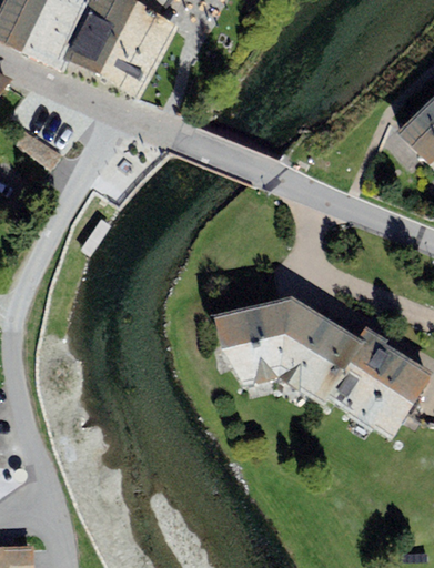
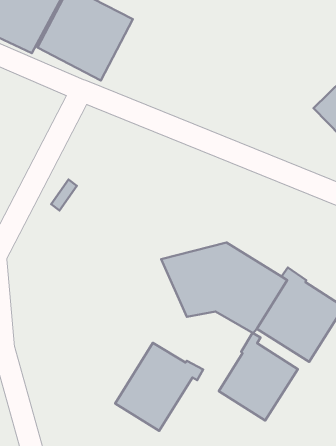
building: none -> [219,333,298,421]
building: none -> [115,343,203,431]

